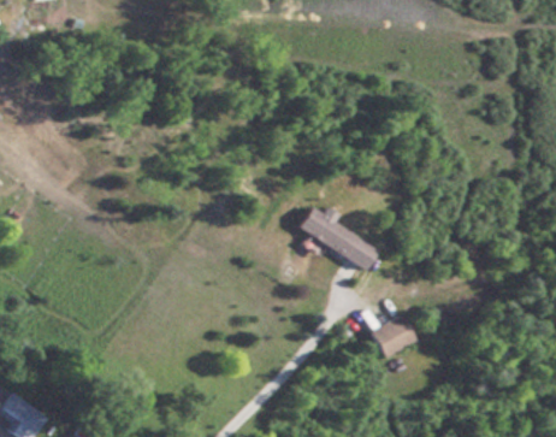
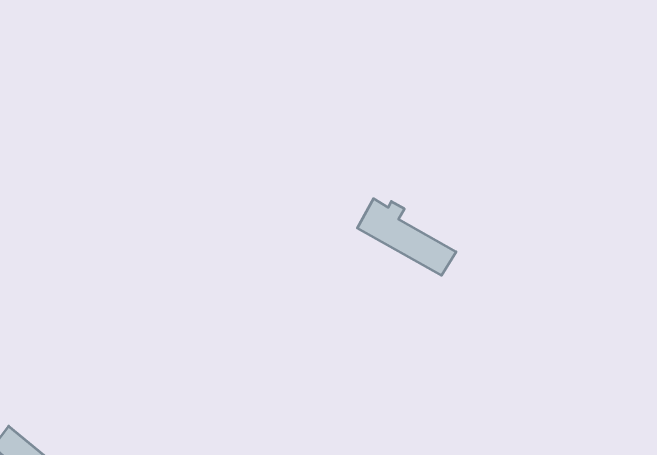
building: [371,315,414,355] -> none

